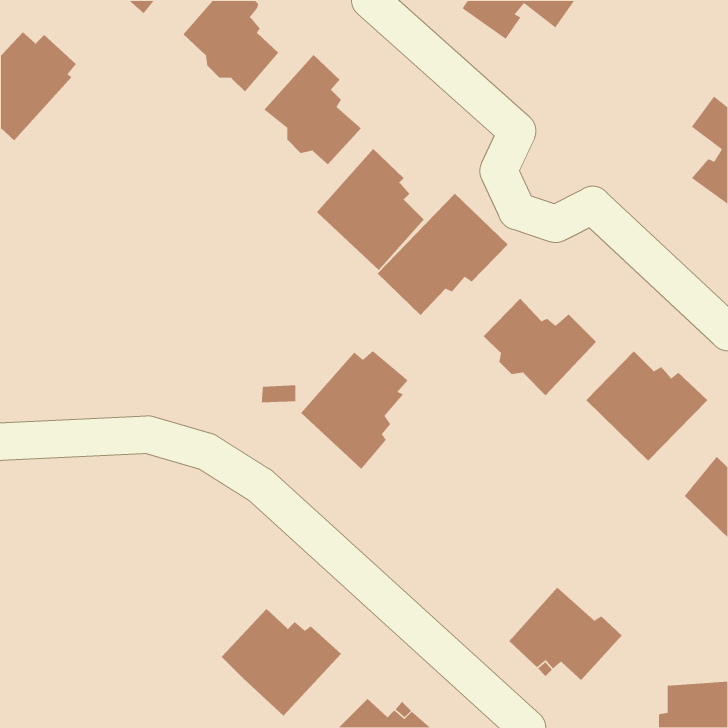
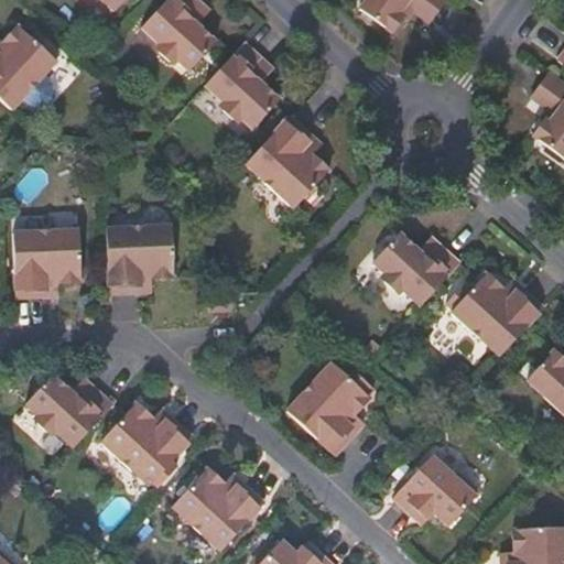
building: [377,193,509,316] -> none
building: none -> [106,223,174,291]
building: none -> [13,227,83,296]
building: [300,350,408,470] -> [289,362,372,455]
building: none -> [28,372,113,446]
building: none -> [101,403,193,488]

